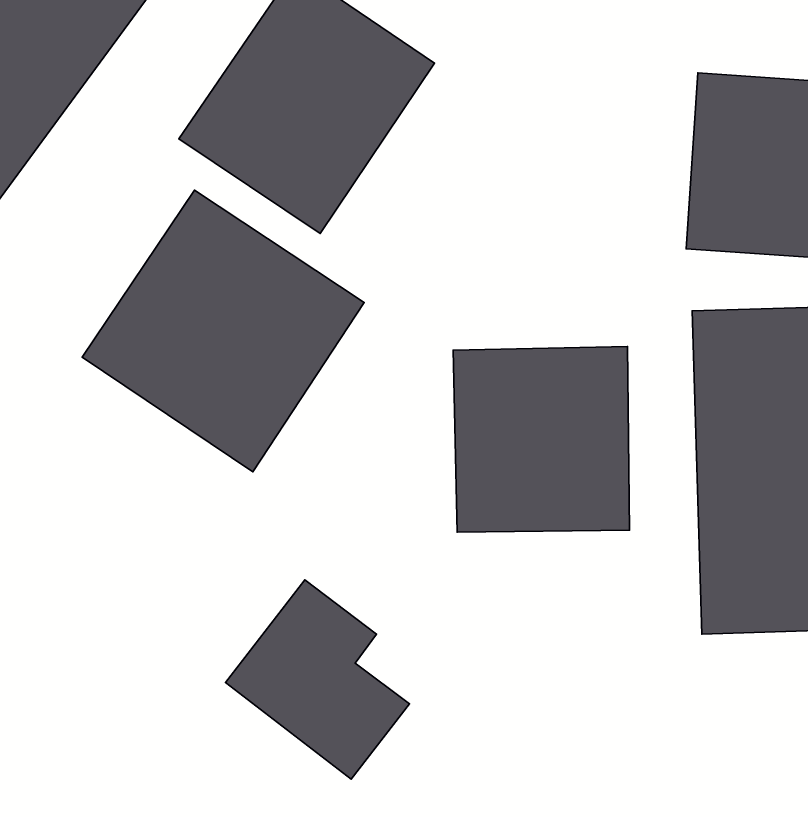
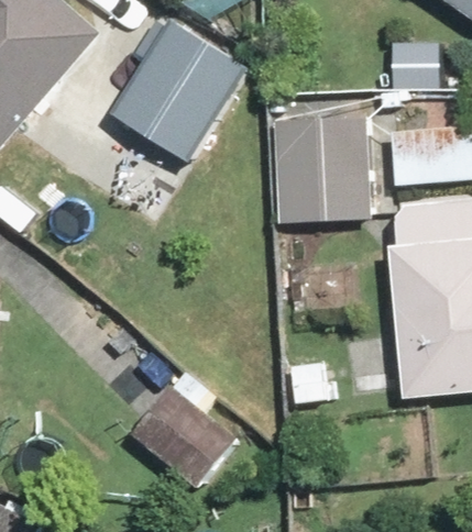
building: [82,190,364,472] -> none
building: [453,346,630,532] -> [271,112,371,218]

